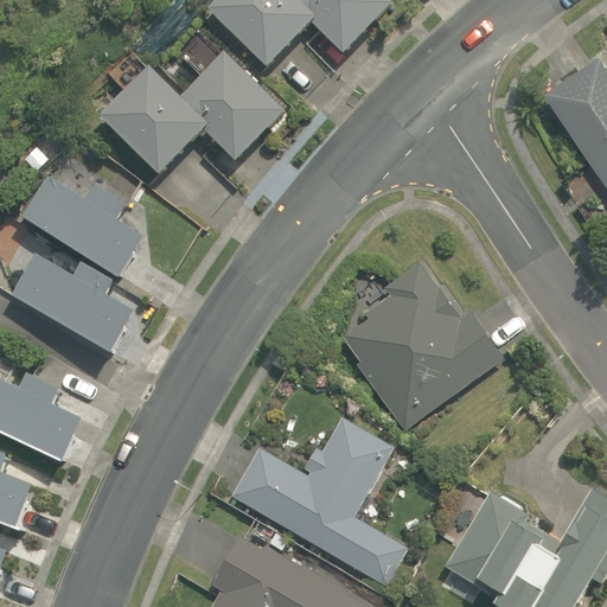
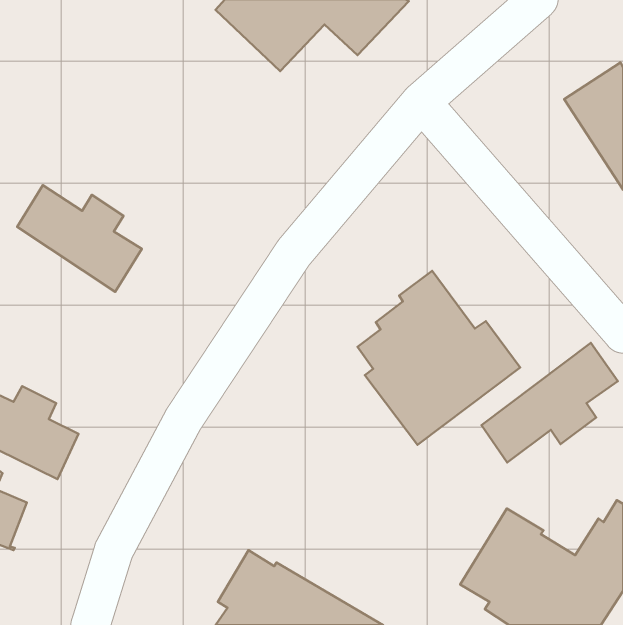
building: [103,51,288,173] -> none
building: [7,257,127,357] -> none
building: none -> [481,343,618,462]
building: [232,417,407,586] -> none

